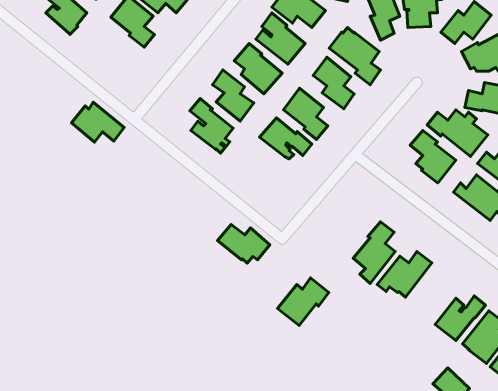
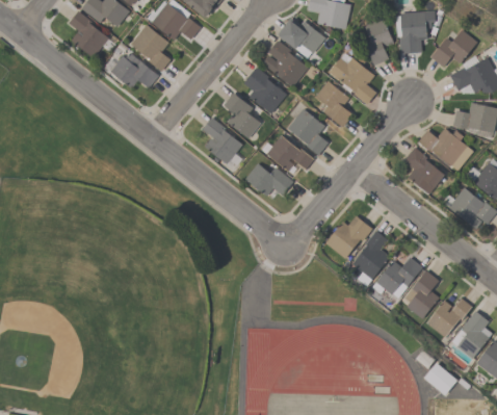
building: [72,102,124,142] -> [110,52,158,88]
building: [217,224,270,263] -> [245,163,293,199]
building: none -> [406,270,440,318]
building: [277,278,329,326] -> [325,215,372,259]

